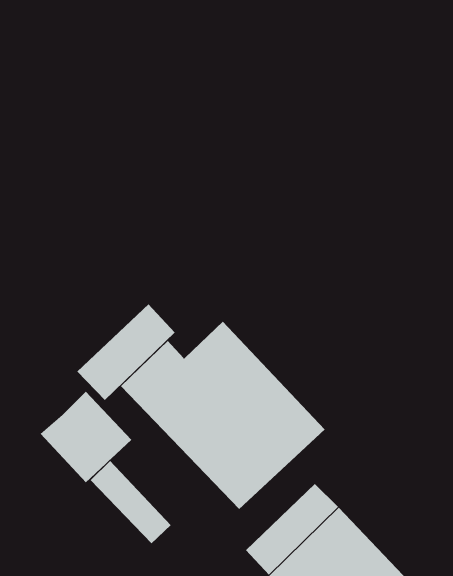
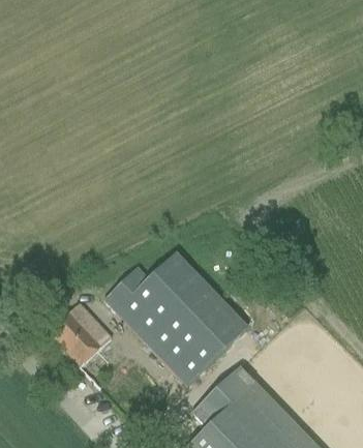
building: [76,303,175,401] -> none
building: [90,460,172,544] -> none

